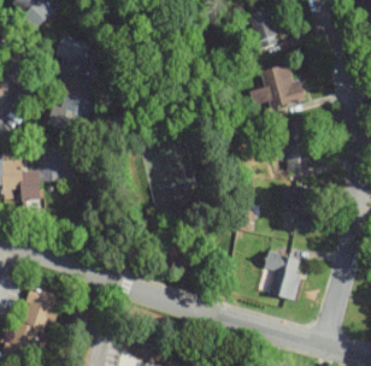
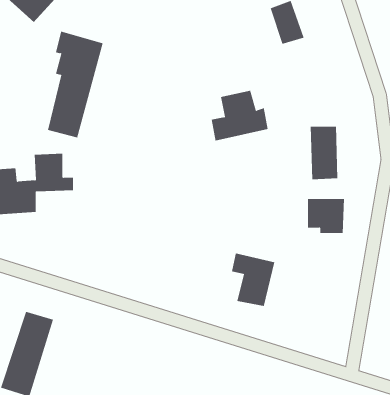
building: [253,65,305,111] -> [211,90,268,141]
building: [264,252,304,300] -> [231,253,275,307]

